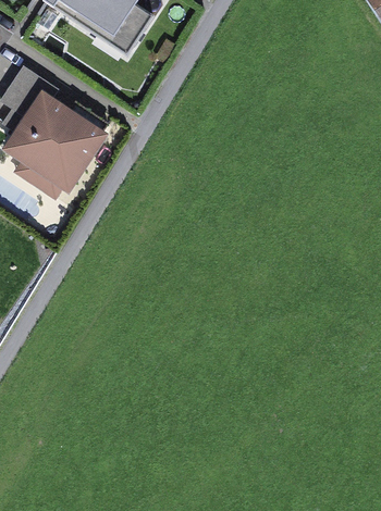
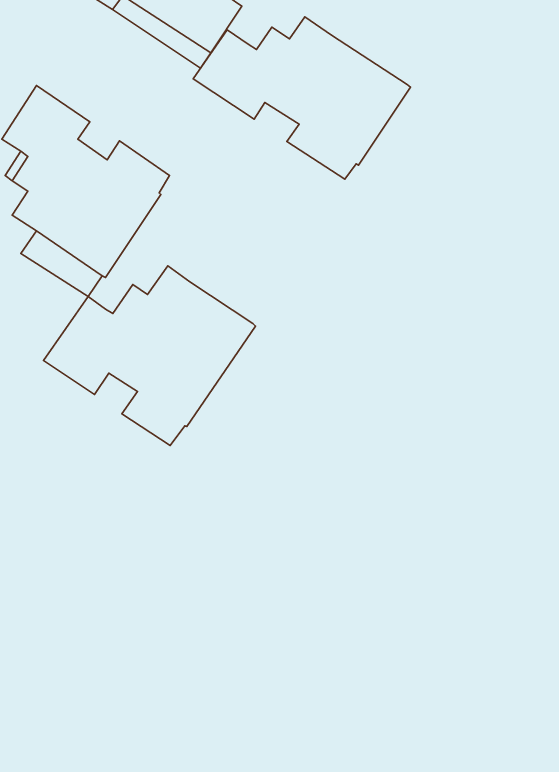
building: none -> [193,17,410,179]
building: none -> [44,266,256,446]

